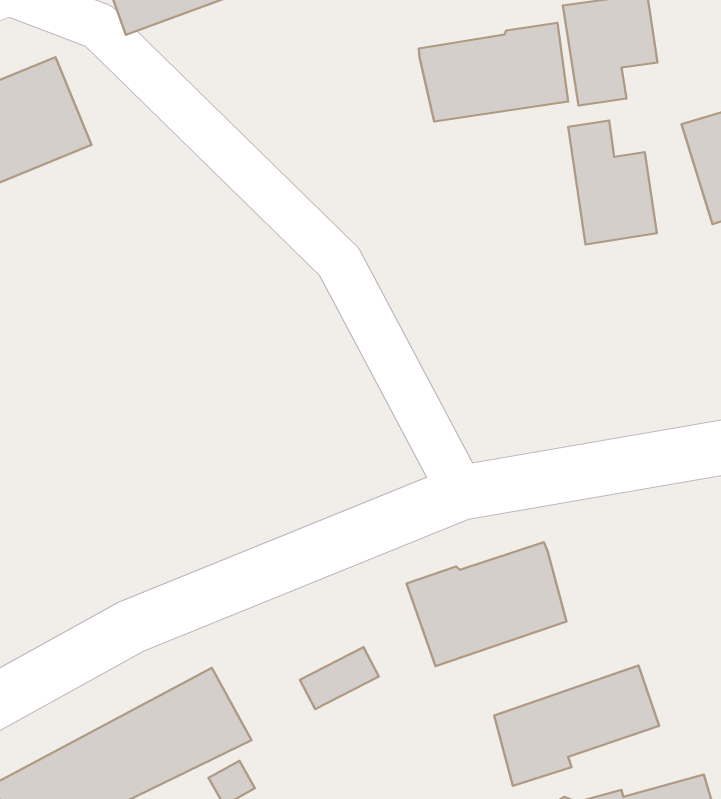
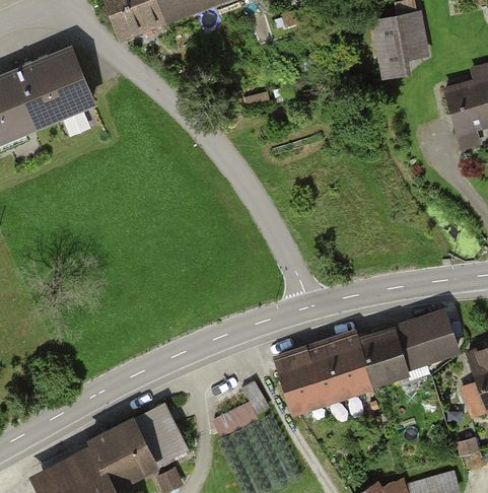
building: [419,23,568,122] -> none
building: [568,120,657,245] -> none
building: [494,666,659,786] -> [361,311,459,382]

